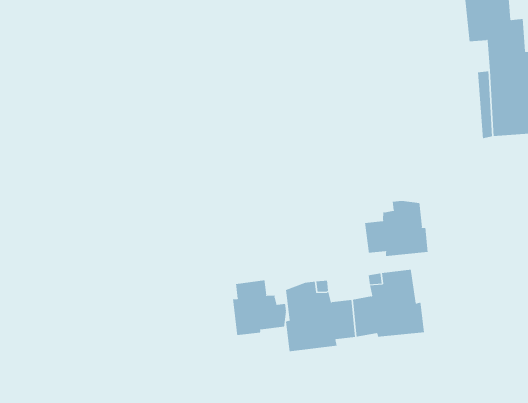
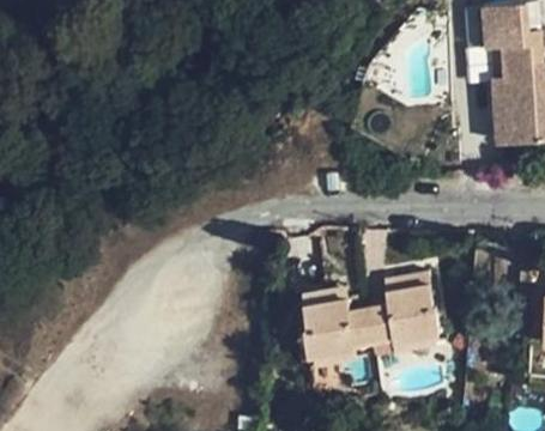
building: [365,200,428,257] -> none
building: [232,279,286,336] -> none

